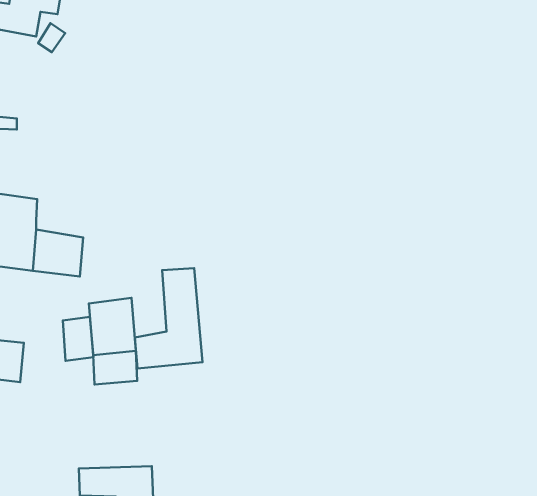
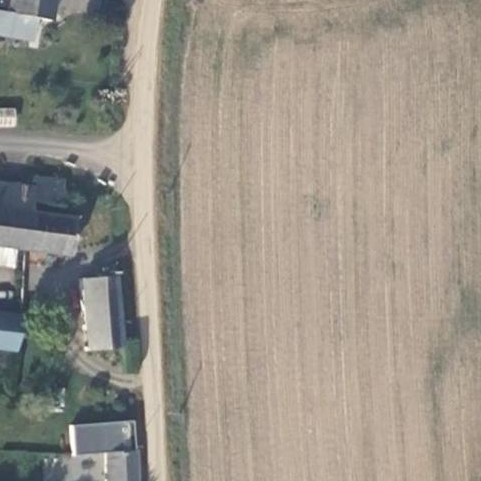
building: none -> [33,176,62,208]
building: [135,268,202,369] -> none
building: [63,317,93,361] -> none

